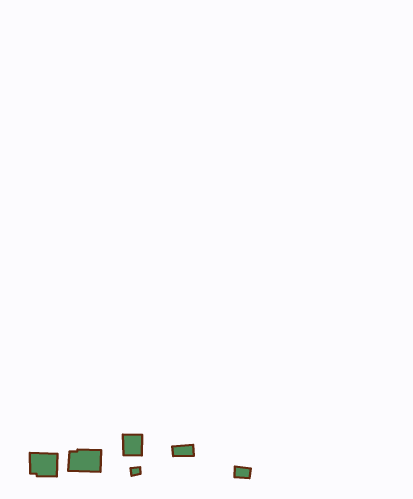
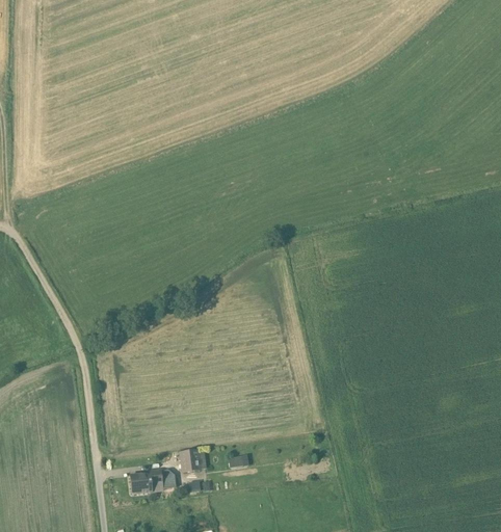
building: [30,453,58,477] -> none

